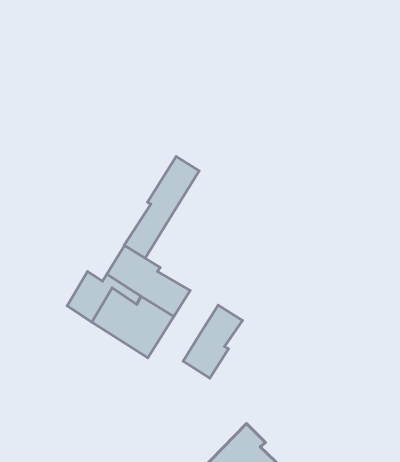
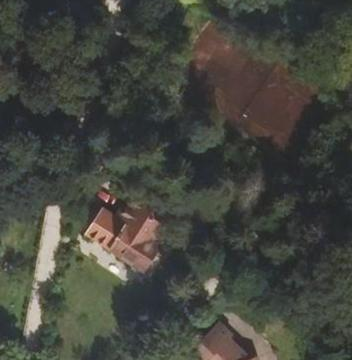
building: [124,156,199,258] -> none
building: [183,305,242,378] -> none

